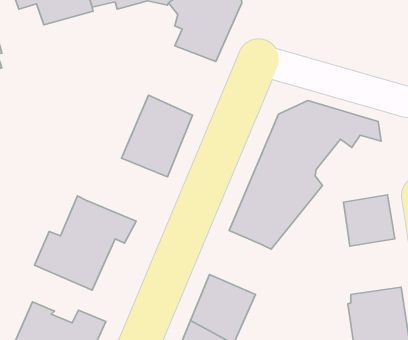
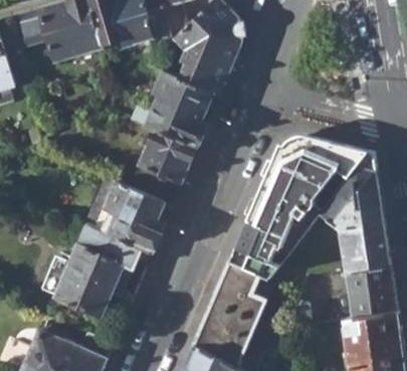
building: none -> [128,73,217,148]
building: none -> [320,167,382,231]
building: none -> [92,183,171,253]
building: none -> [211,258,264,320]
building: none -> [346,266,395,319]

